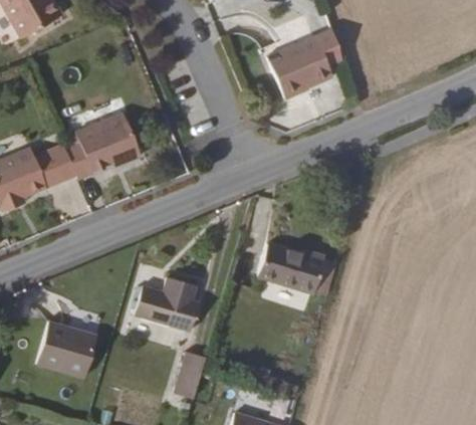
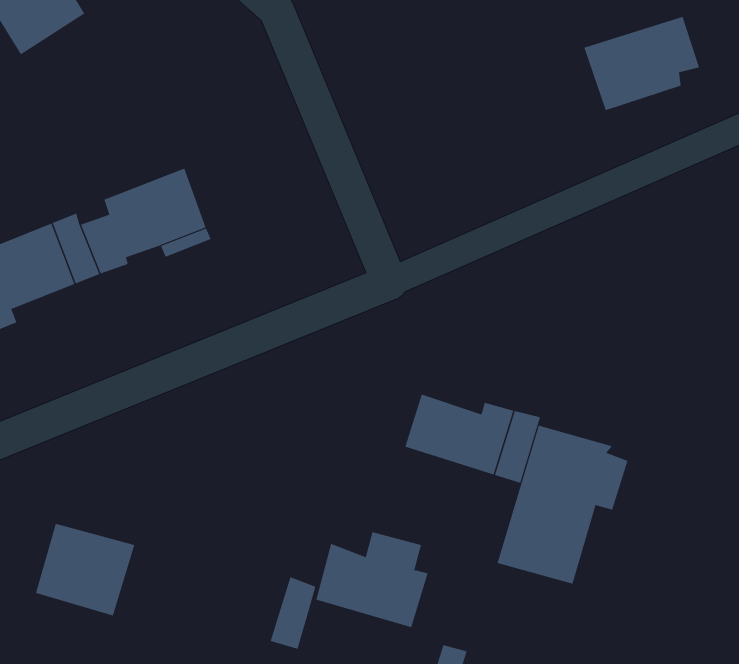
building: [265,26,335,83] -> [583,16,700,111]
building: none -> [497,425,628,585]
building: [135,278,203,337] -> [315,532,429,628]

